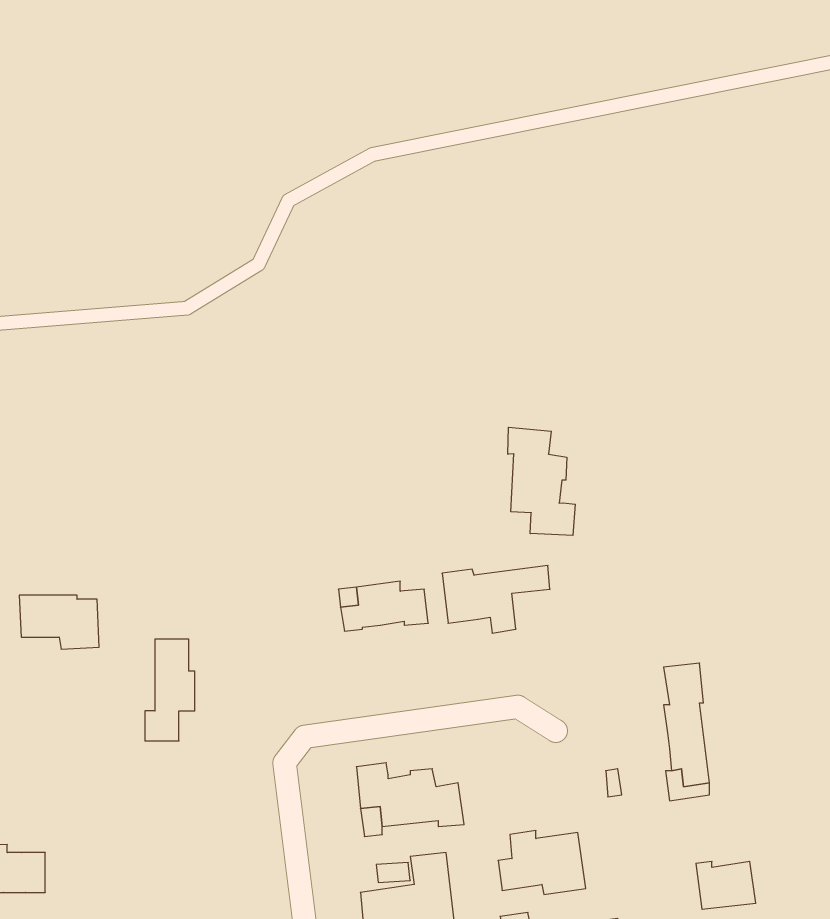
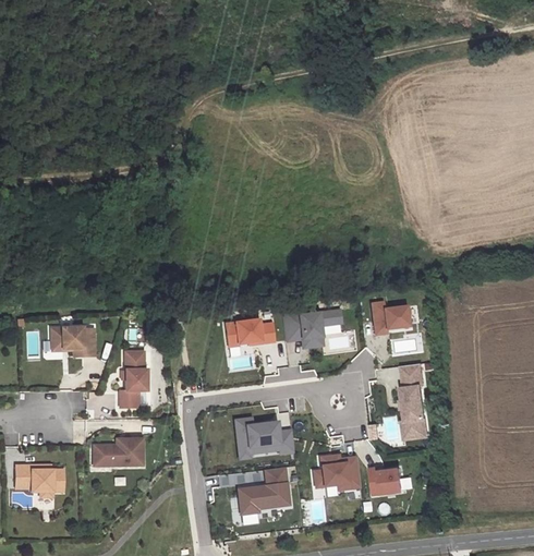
building: [508,427,575,535] -> none
building: none -> [369,303,408,336]
building: none -> [93,439,142,466]
building: [696,861,756,909] -> [369,469,402,495]

